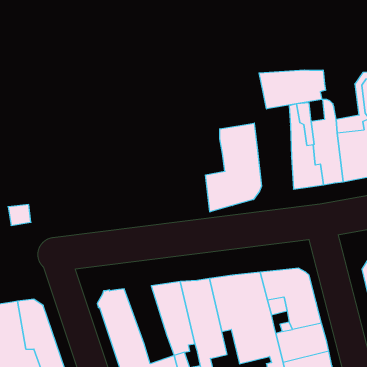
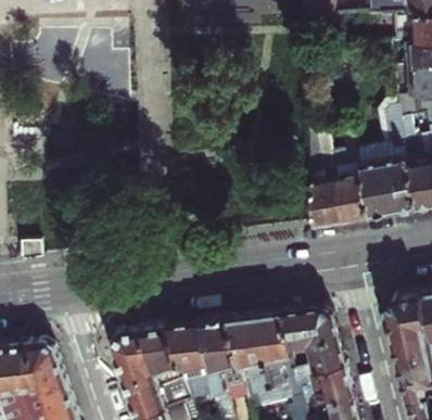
building: [259,70,326,109] -> none
building: [206,123,261,212] -> none
building: none -> [137,326,181,387]

